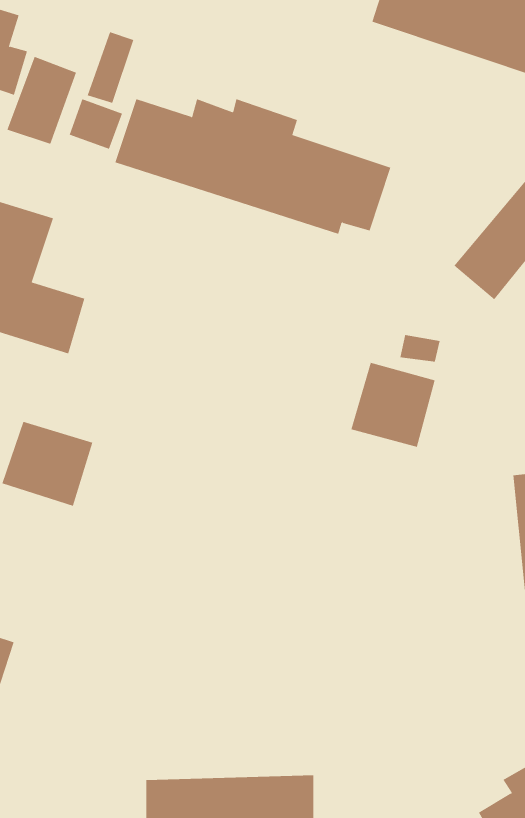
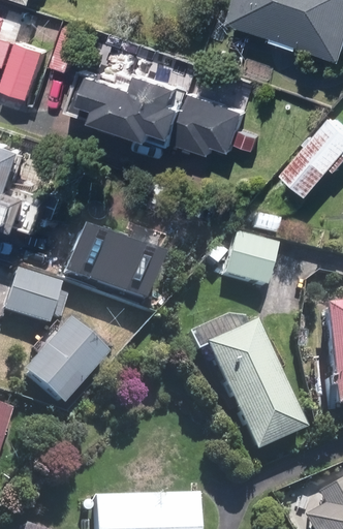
building: none -> [65,224,161,298]
building: none -> [24,318,107,403]
building: none -> [205,318,306,450]

